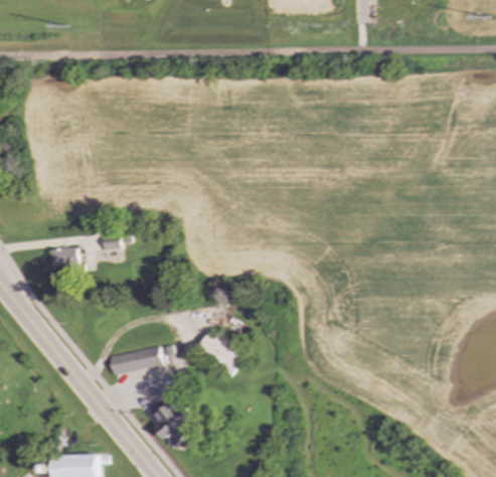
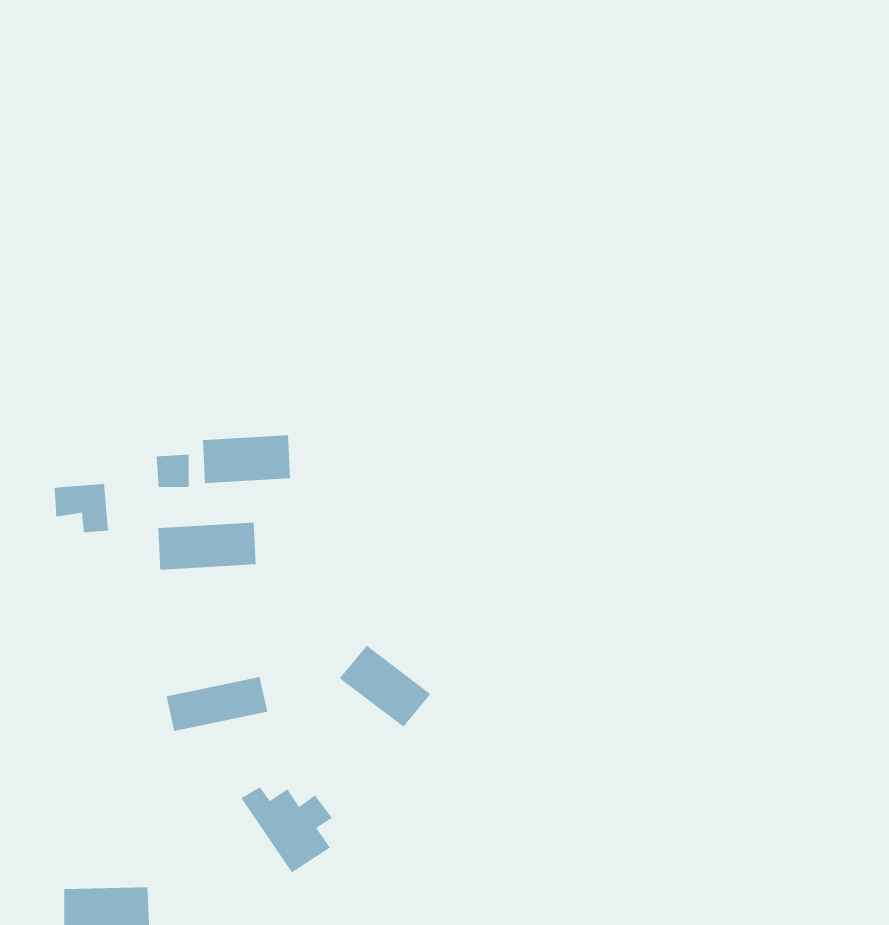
building: none -> [202,434,291,484]
building: none -> [158,522,256,571]

